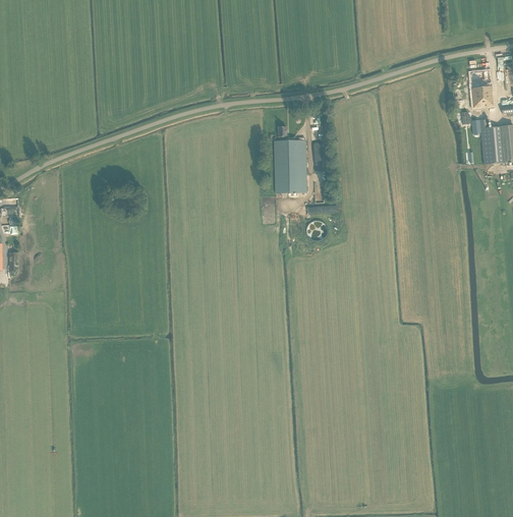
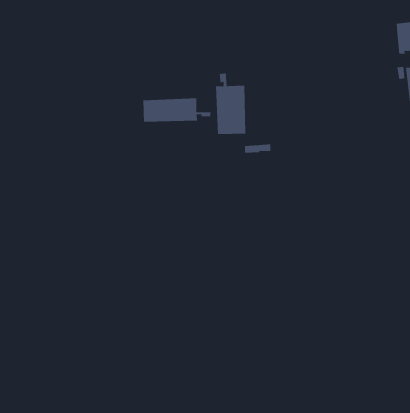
building: none -> [143,98,211,123]

